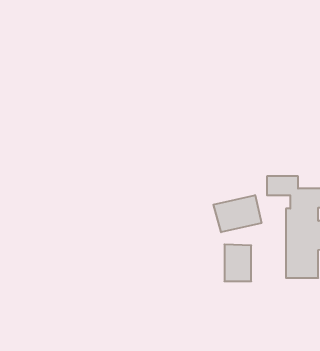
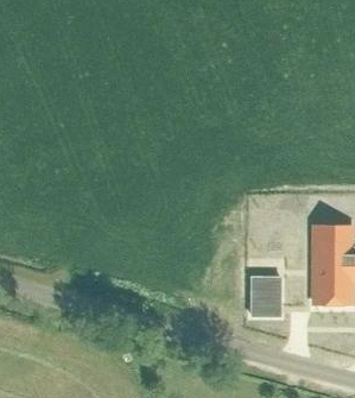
building: [213,195,261,232] -> none

